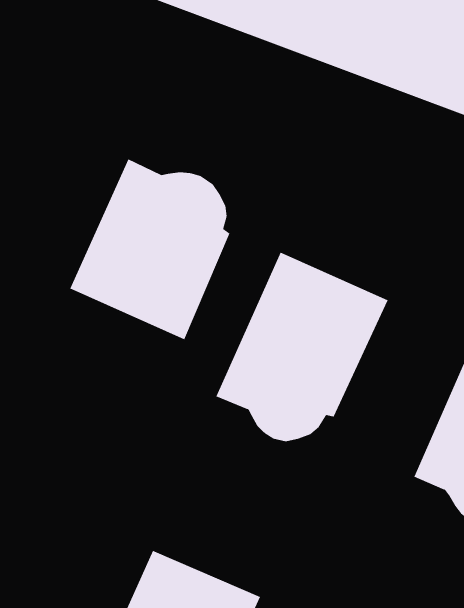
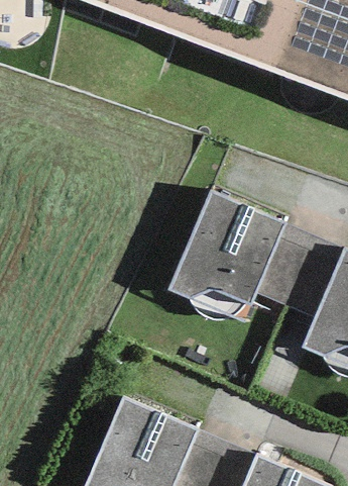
building: [70,158,230,340] -> none

